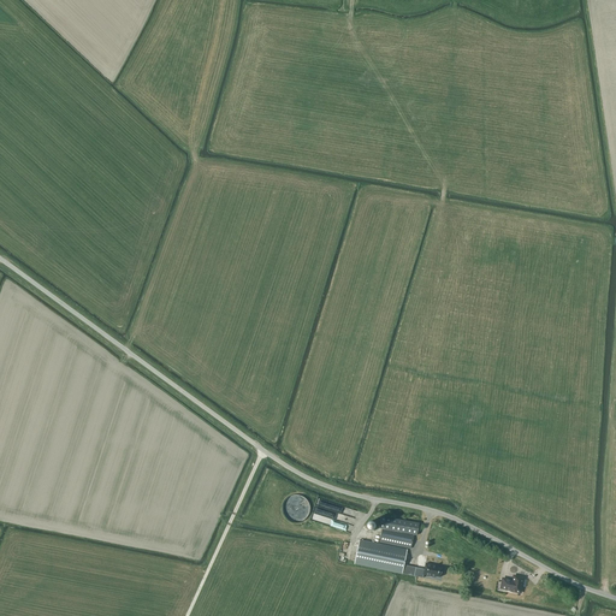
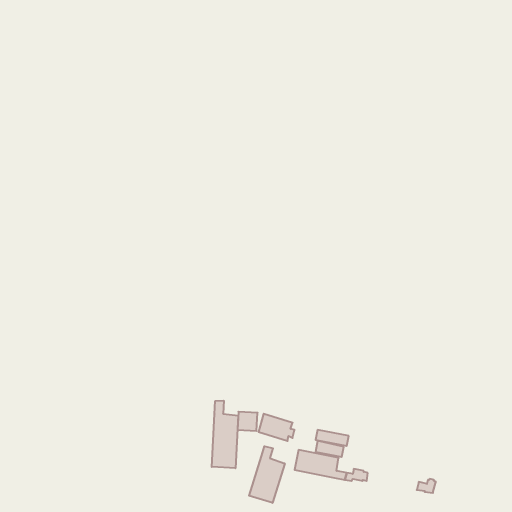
building: none -> [212,401,238,468]
building: none -> [249,446,285,503]

